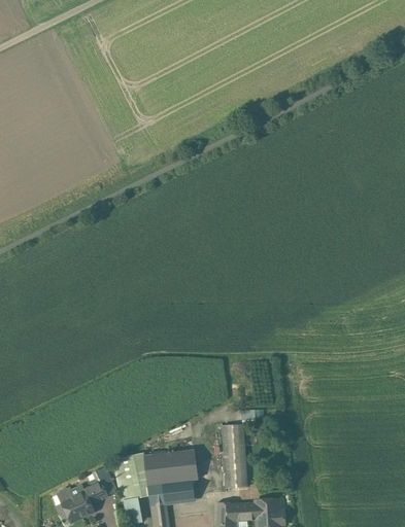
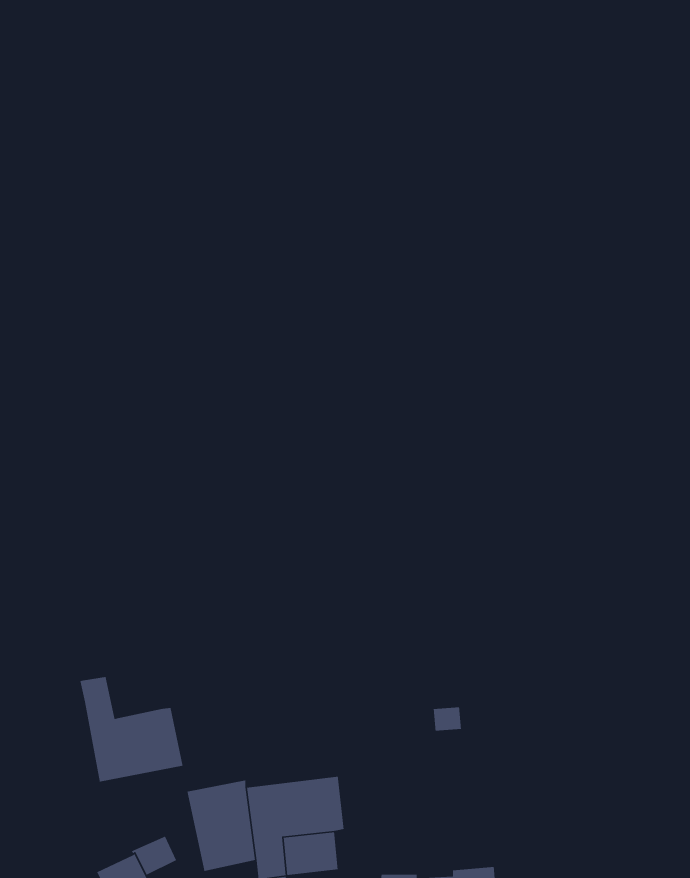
building: none -> [80,676,183,783]
building: [223,424,246,488] -> none

